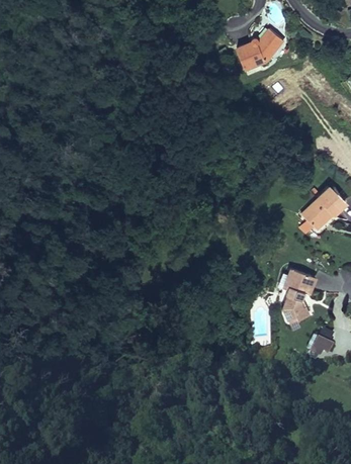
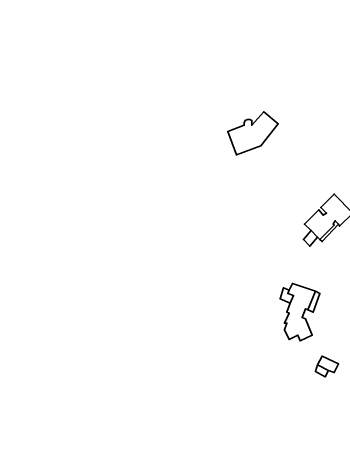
building: [237,30,283,70] -> [228,112,278,155]

